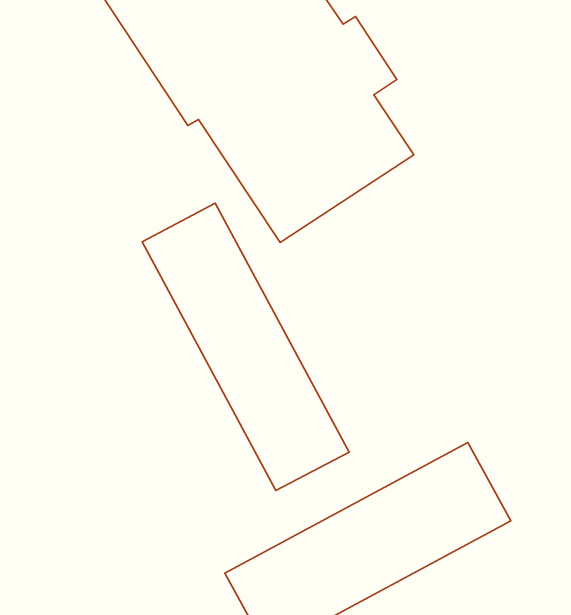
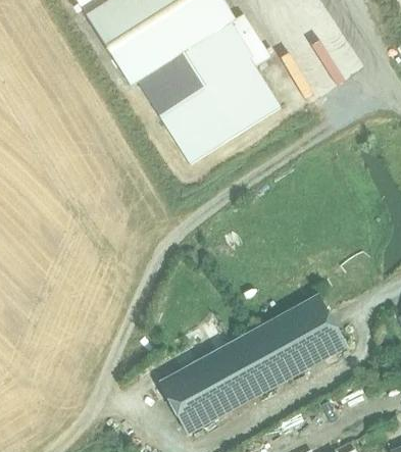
building: [142,203,349,491] -> none

